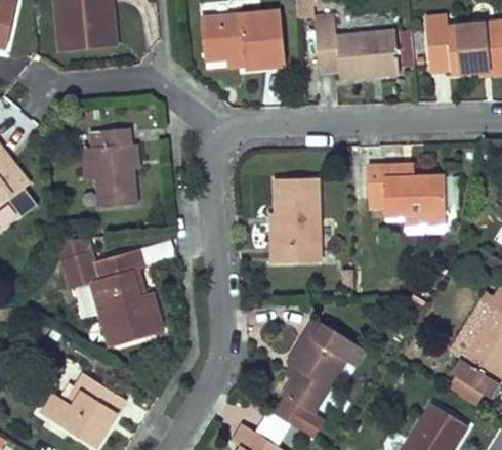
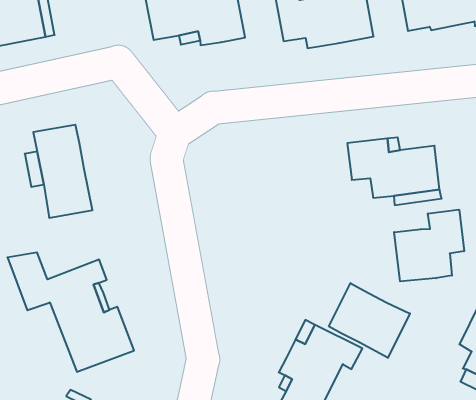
building: [270,177,322,263] -> none
building: none -> [394,210,464,281]
building: none -> [329,283,410,358]

